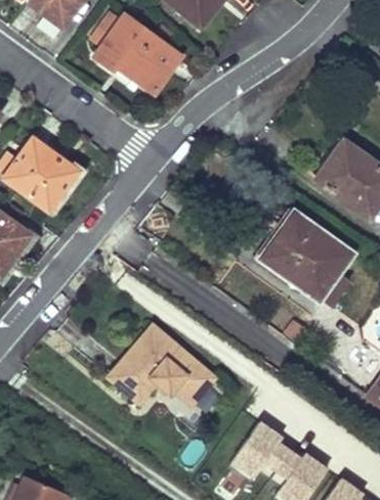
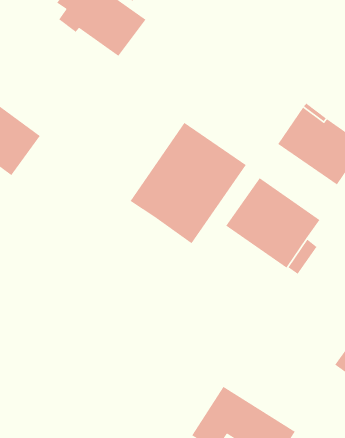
building: none -> [129,122,247,244]
building: [110,326,215,405] -> none

